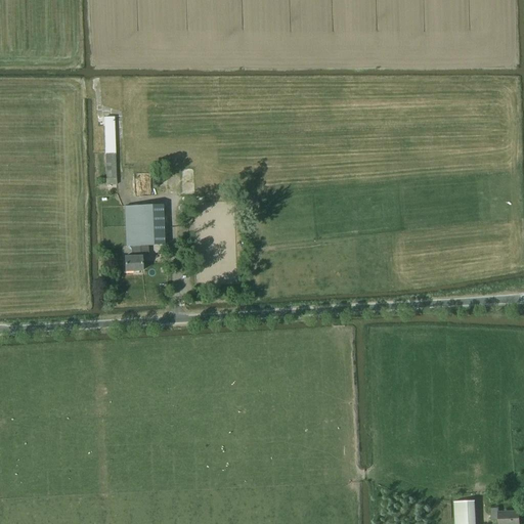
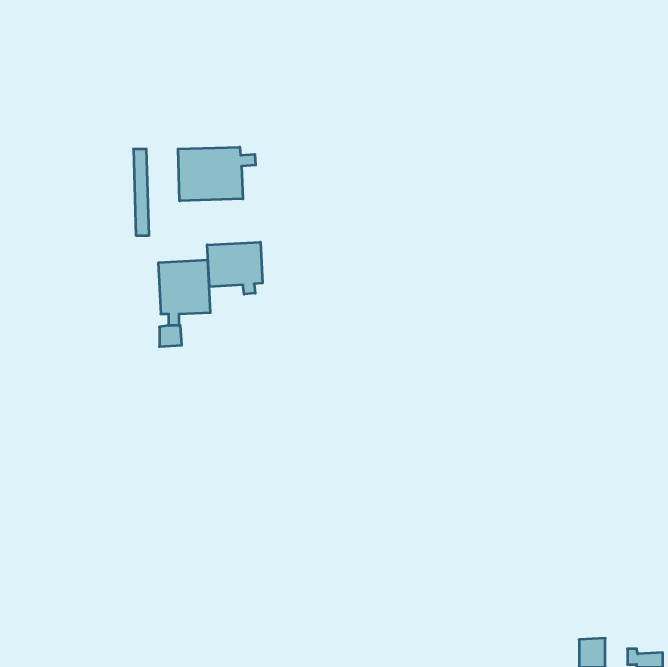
building: none -> [178,147,256,201]
building: none -> [207,242,262,294]

